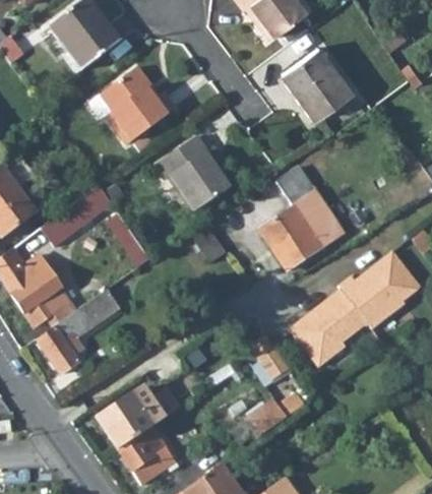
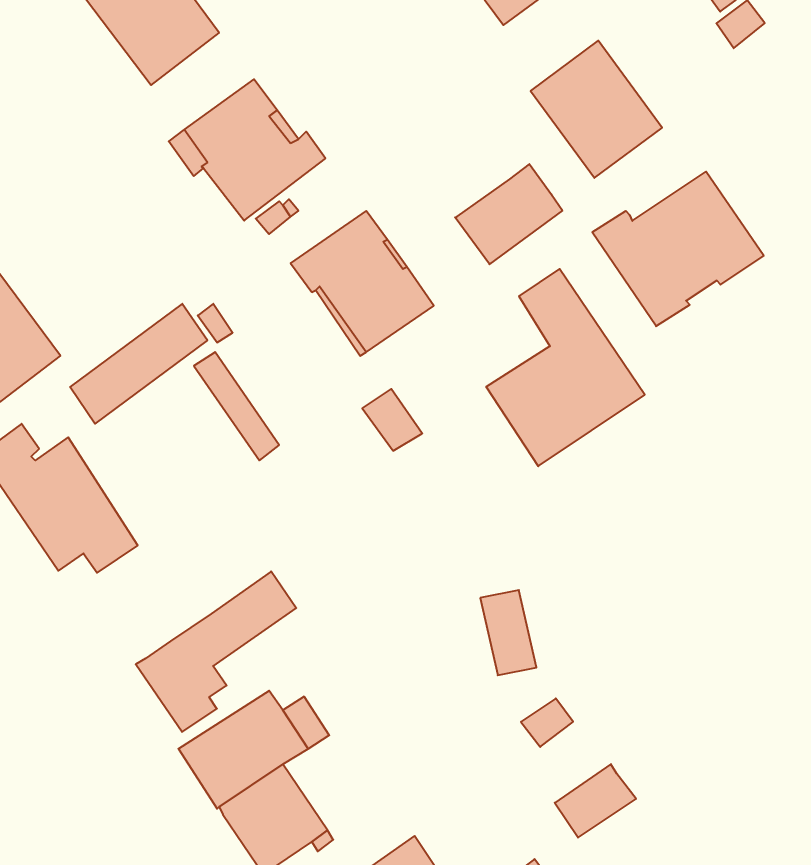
building: none -> [455,164,562,264]
building: none -> [592,172,764,326]
building: [290,251,421,366] -> none
building: [37,289,121,373] -> [136,571,296,732]
building: [245,398,288,437] -> [555,764,636,838]

